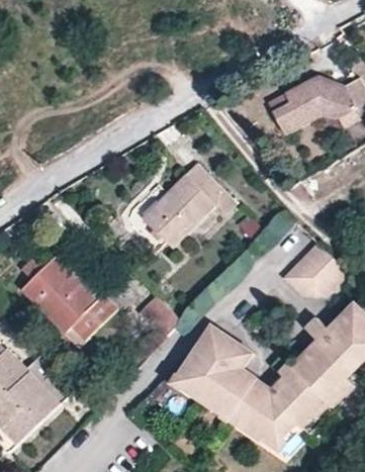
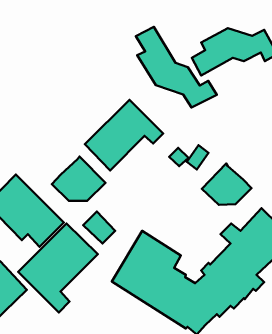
building: none -> [136,27,217,107]
building: none -> [52,156,106,201]
building: none -> [18,224,98,312]

